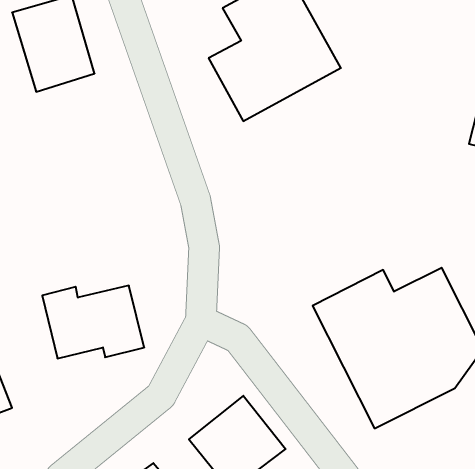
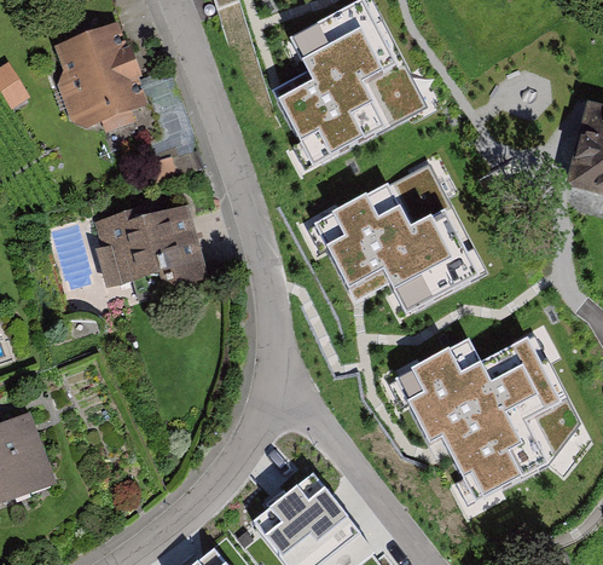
building: none -> [313,160,487,312]
building: [42,286,144,358] -> [91,208,204,289]

